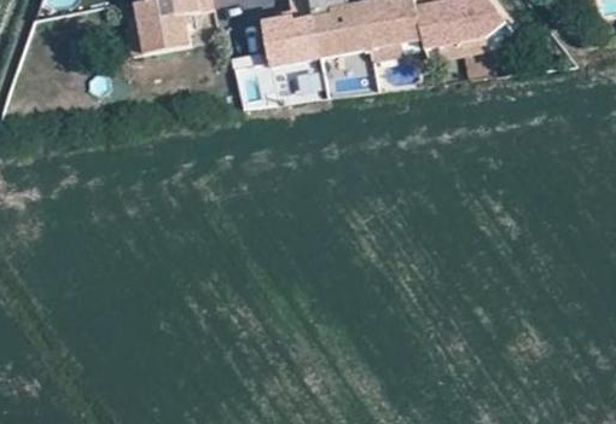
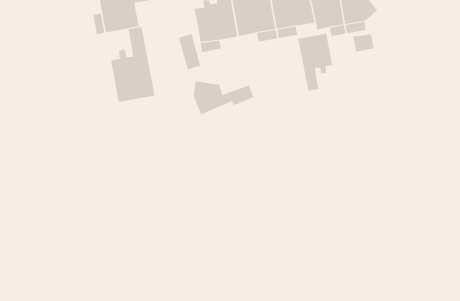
building: none -> [110,26,155,103]
building: none -> [298,33,333,92]
building: none -> [193,81,254,115]

